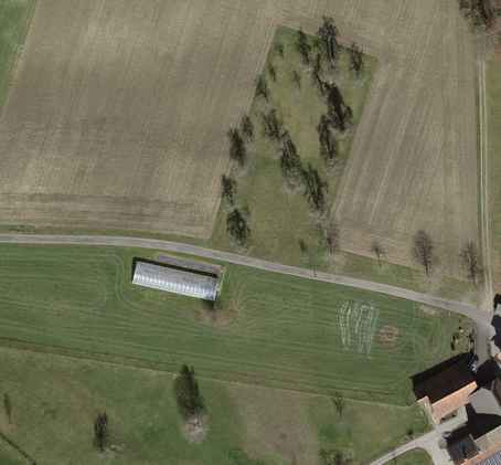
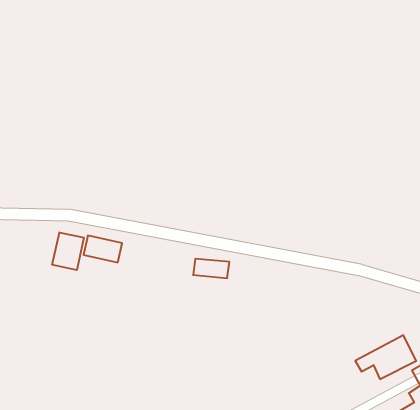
building: none -> [52,232,84,270]
building: [182,276,220,296] -> [193,259,229,278]

